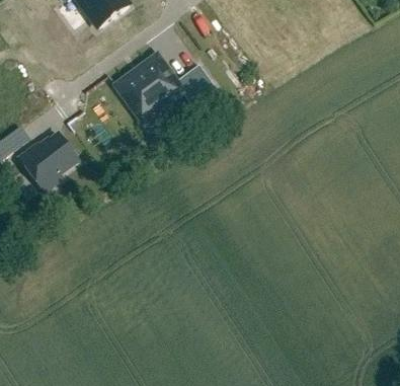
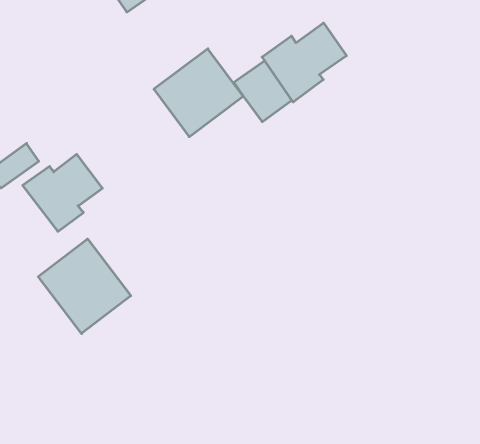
building: none -> [262,23,346,102]
building: none -> [38,239,131,334]

